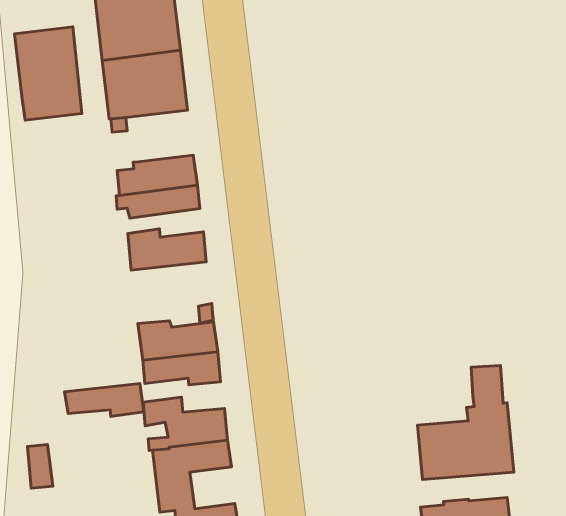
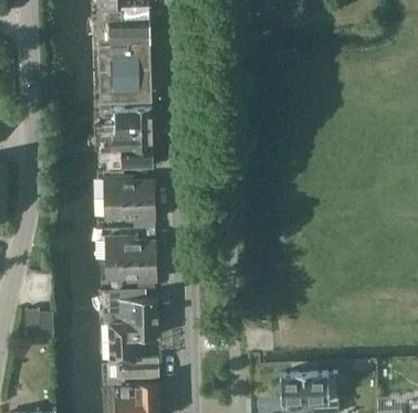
building: [14,27,82,120] -> none
building: none -> [114,107,151,131]
building: [417,366,514,479] -> none
building: [65,383,144,416] -> [104,201,155,221]

